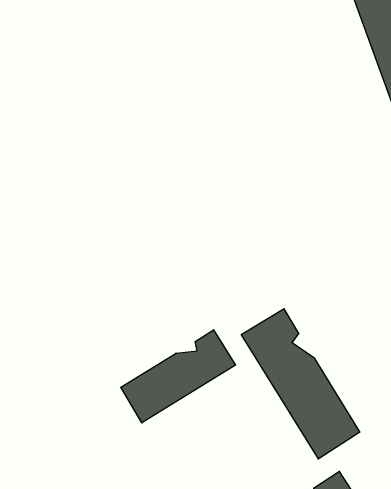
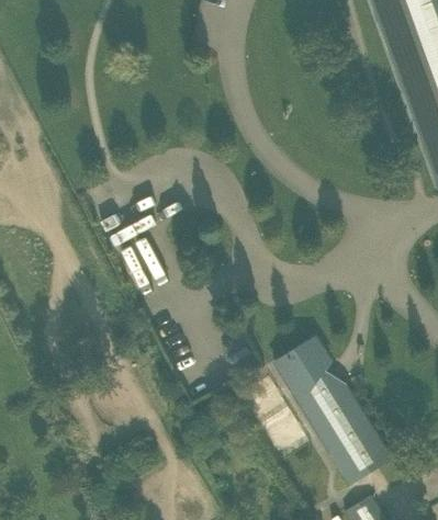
building: [121,330,236,423] -> none

